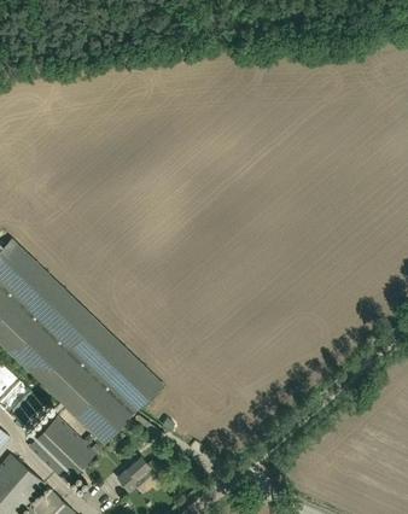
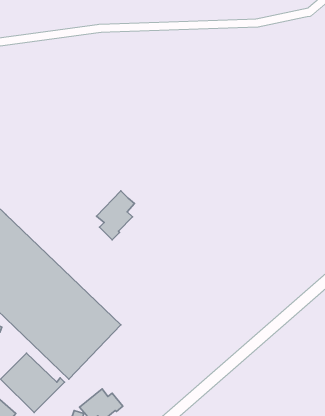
building: none -> [97,191,135,240]

